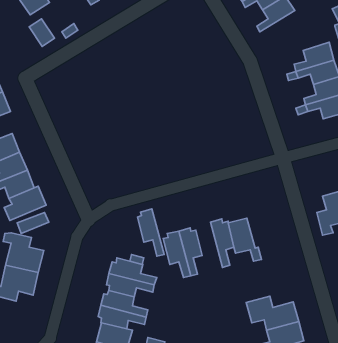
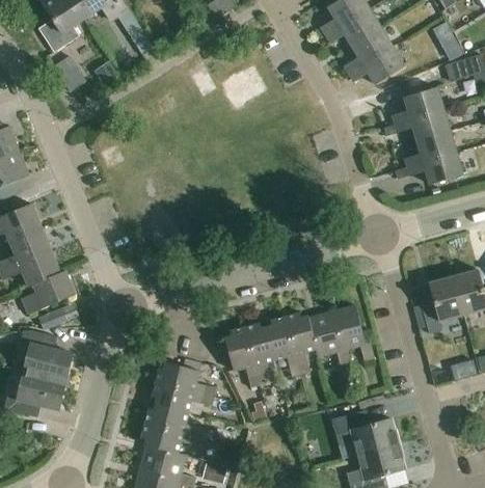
building: none -> [348,46,404,84]
building: [137,209,164,256] -> [266,316,300,376]
building: none -> [331,304,374,359]

